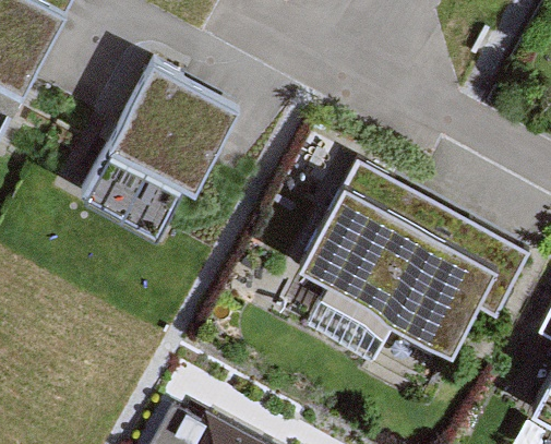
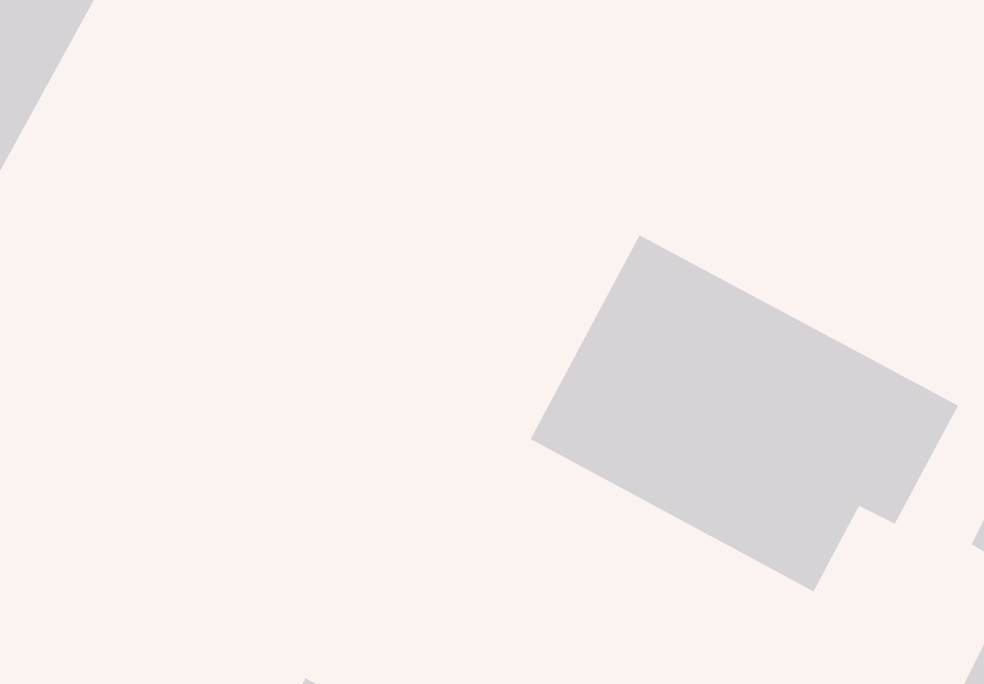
building: [82,63,241,238] -> none

